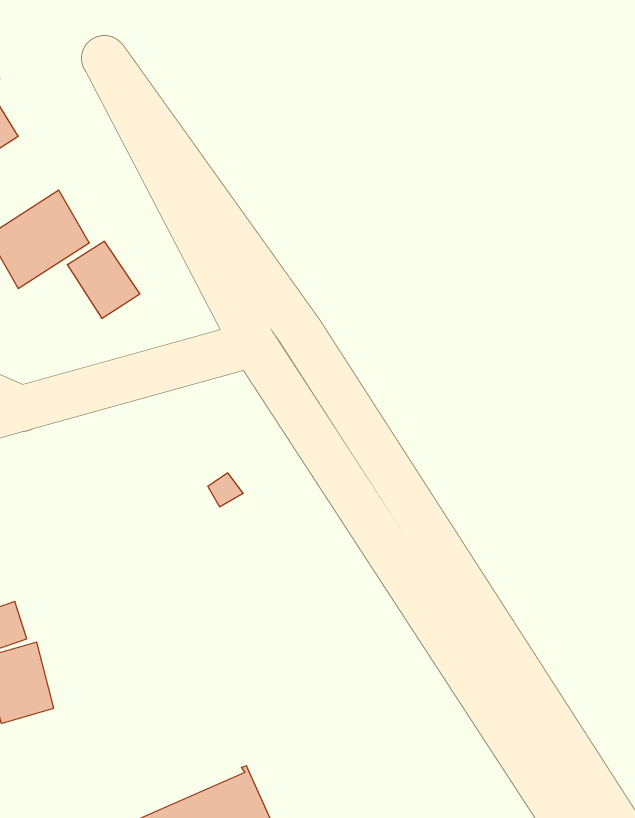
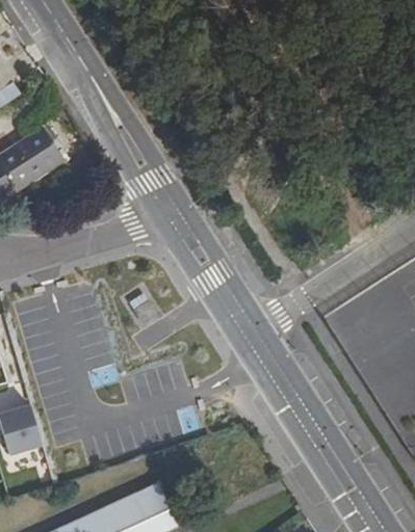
building: [67,241,140,318] -> none

